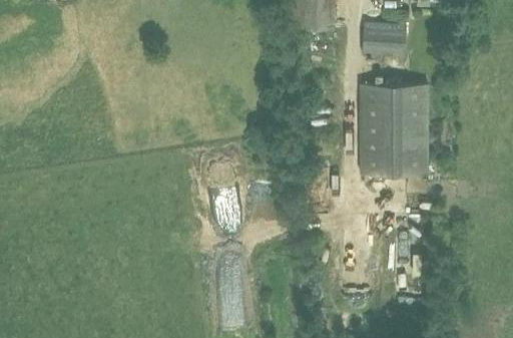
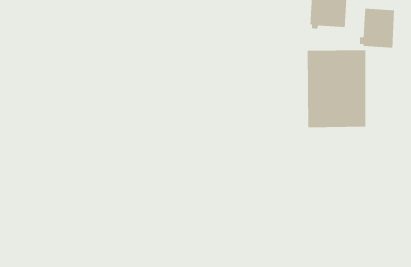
building: none -> [359,8,395,48]

